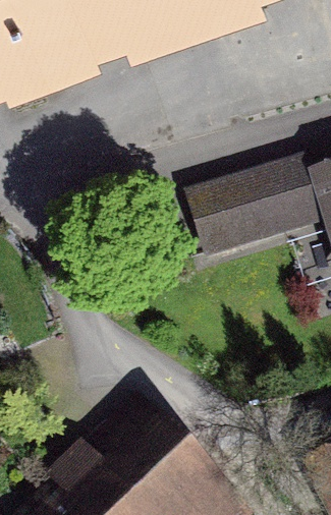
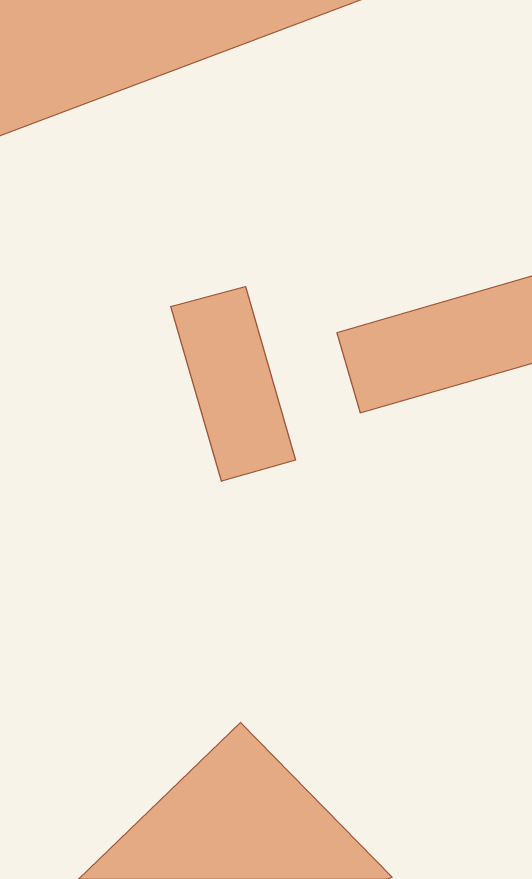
building: none -> [171,287,295,481]

